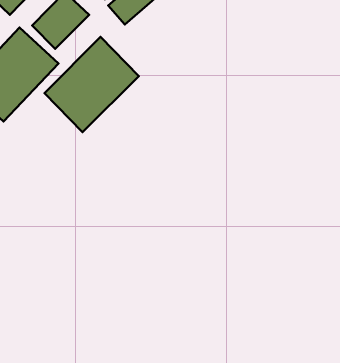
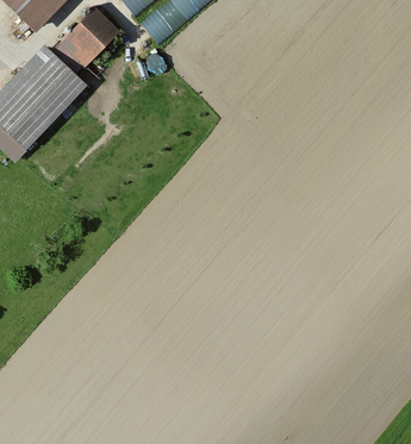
building: [45,37,139,132] -> none

